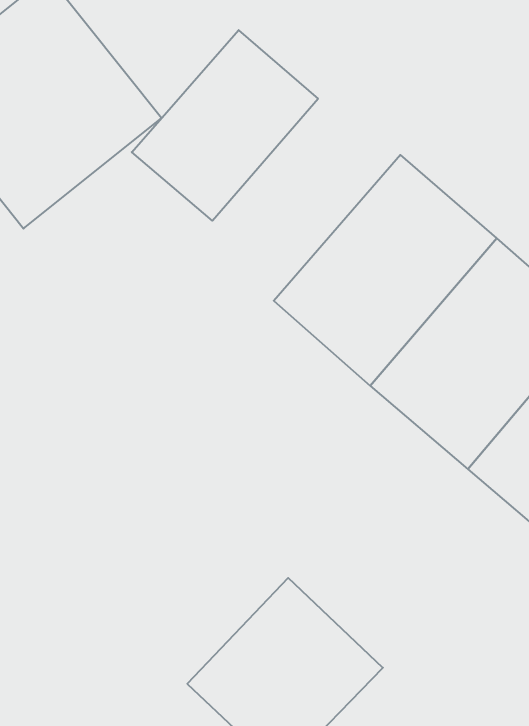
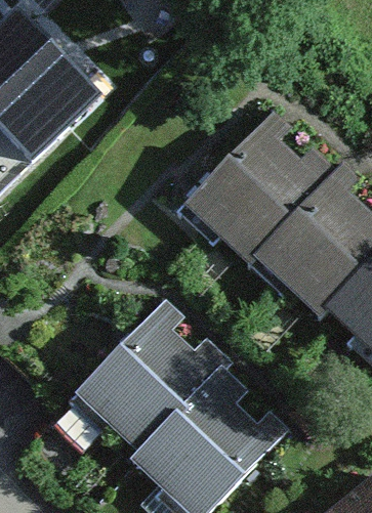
building: [132,30,318,221] -> none
building: none -> [74,327,199,451]

